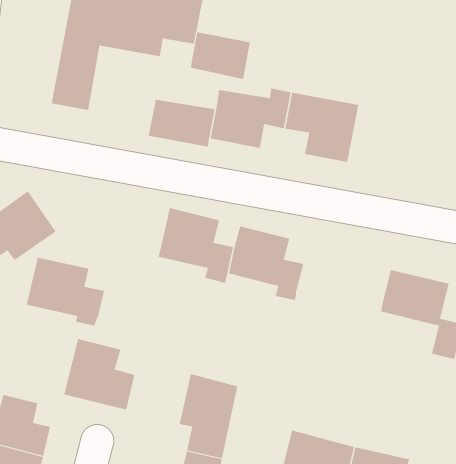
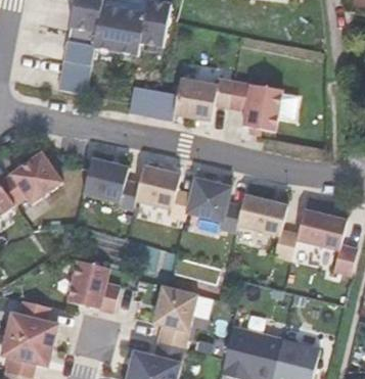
building: [190,32,251,80] -> none
building: none -> [237,194,299,260]
building: [26,257,105,326] -> [83,158,140,208]

